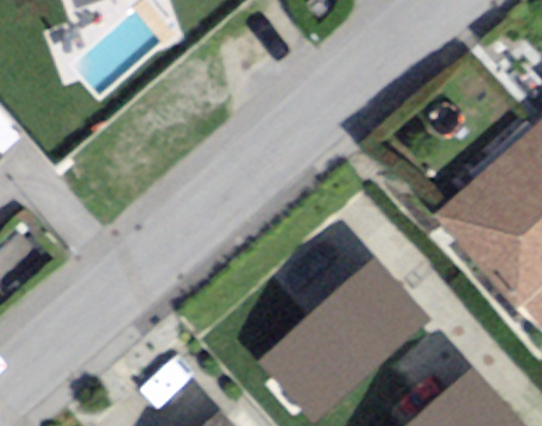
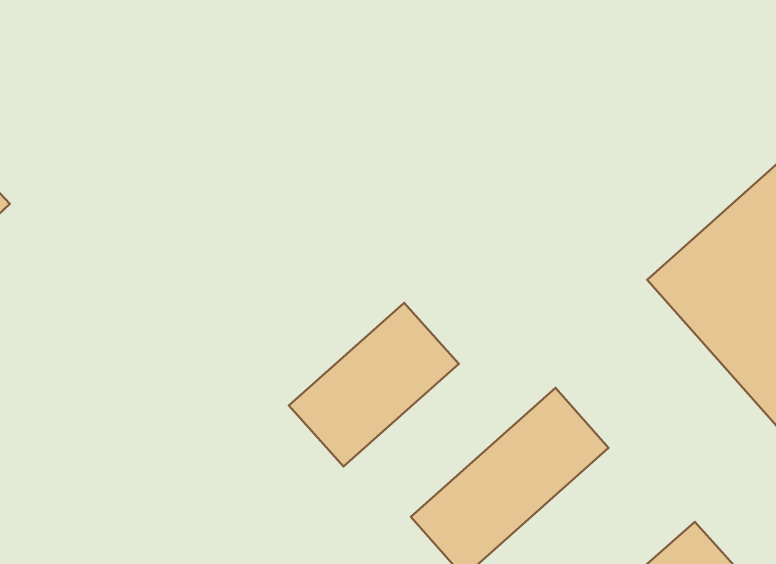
building: none -> [289,303,459,467]

